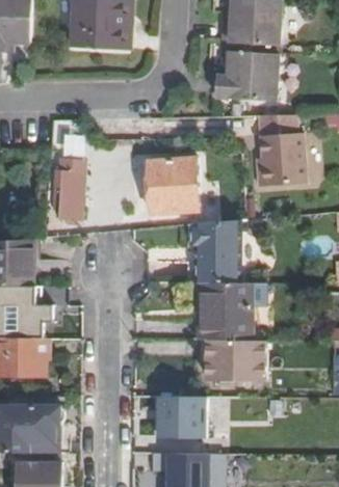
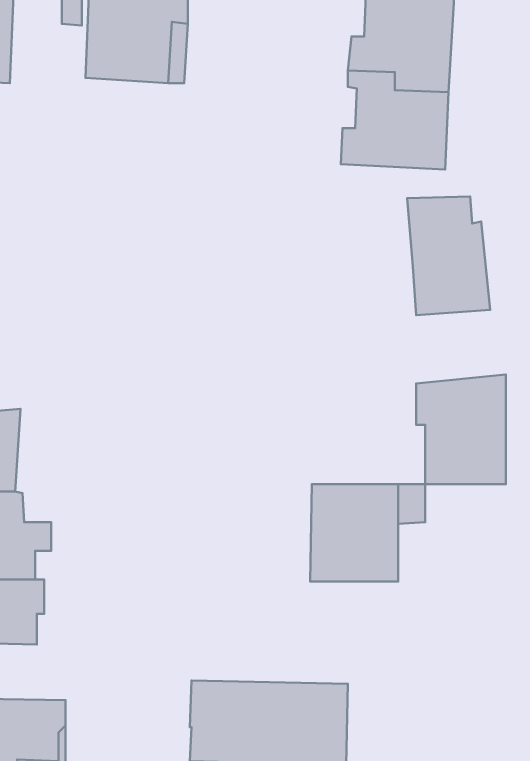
building: [48,160,84,238] -> none
building: [146,161,195,215] -> none
building: [192,219,244,282] -> [416,375,506,484]
building: [206,337,263,378] -> none

